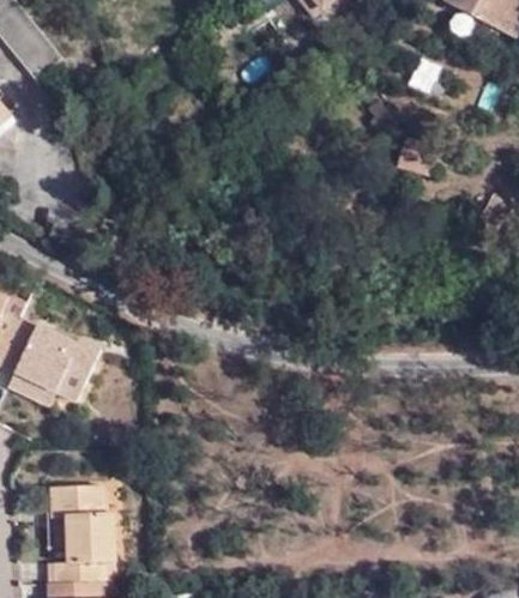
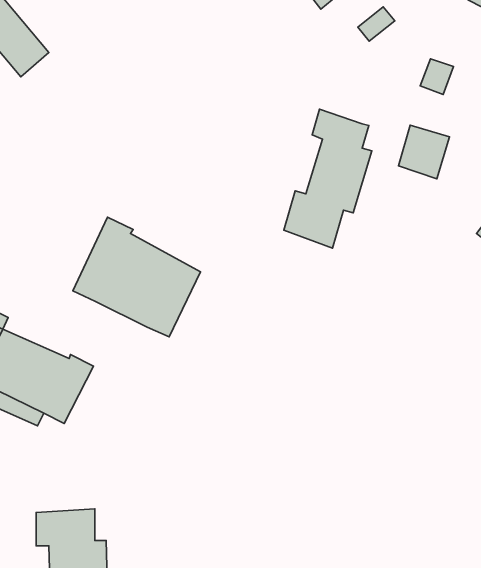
building: none -> [284,109,372,248]
building: none -> [73,217,200,337]

